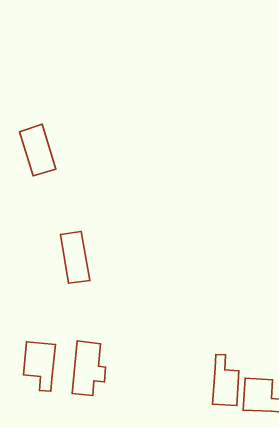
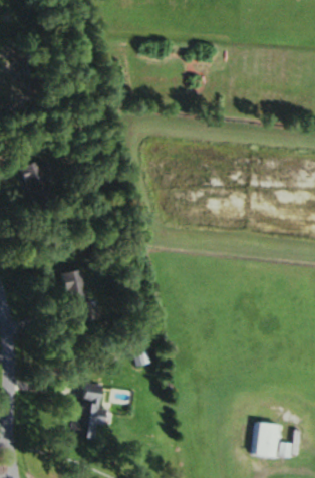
building: [24,342,56,391] -> none
building: [213,354,239,406] -> none

